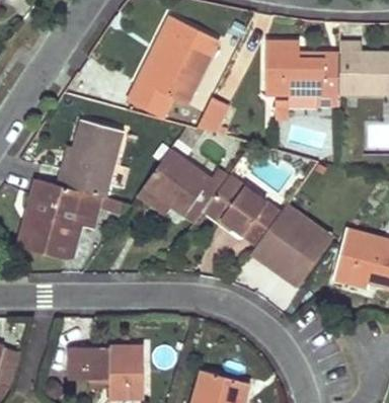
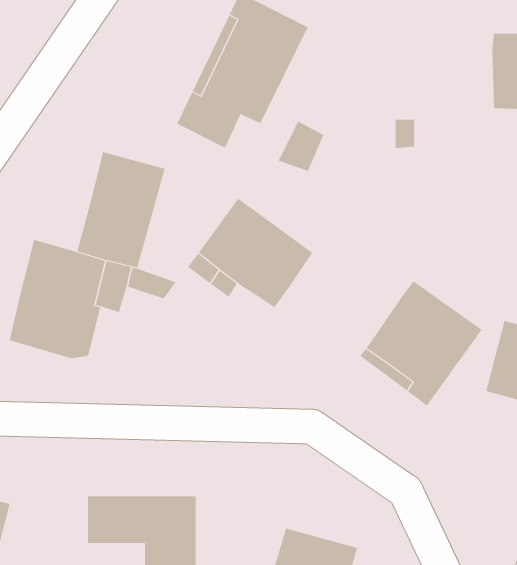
building: [263,42,338,94] -> none
building: [205,177,279,244] -> none

